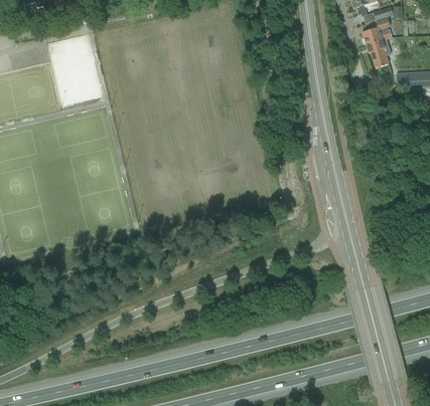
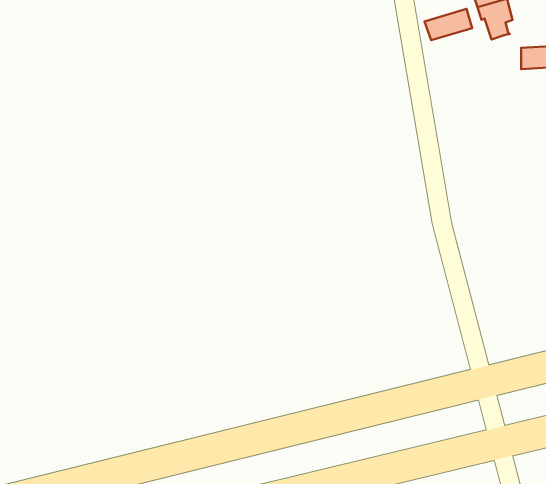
building: none -> [425,9,472,40]

